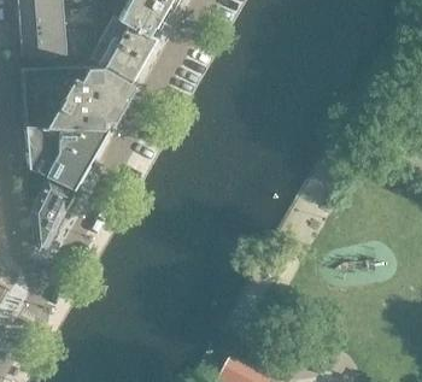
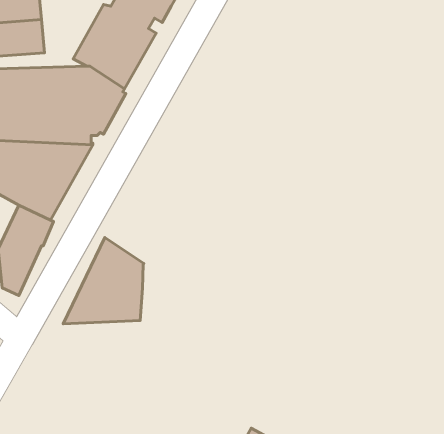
building: none -> [63,238,144,324]

